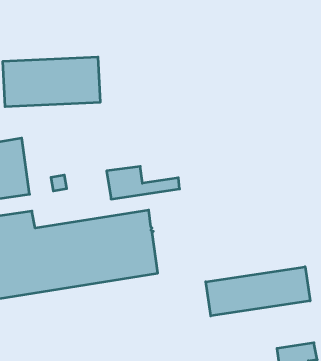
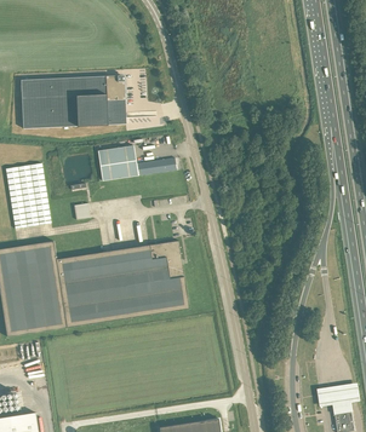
building: [107,166,180,199] -> [96,145,175,180]
building: [206,267,310,316] -> none

